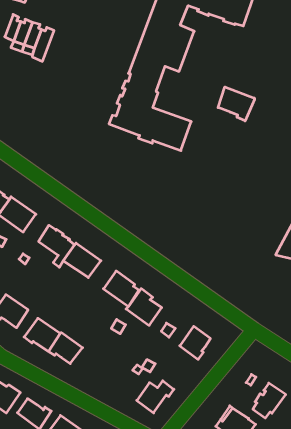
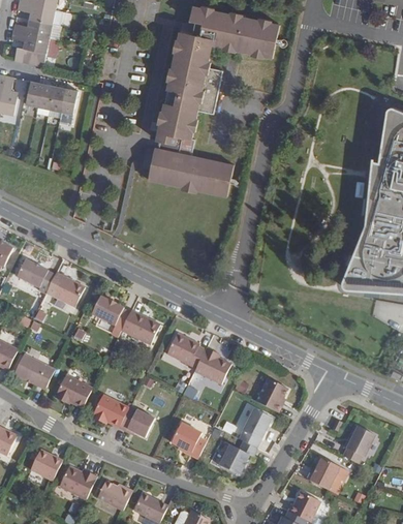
building: [218,87,254,121] -> none
building: none -> [239,408,272,448]
building: none -> [172,423,207,459]

